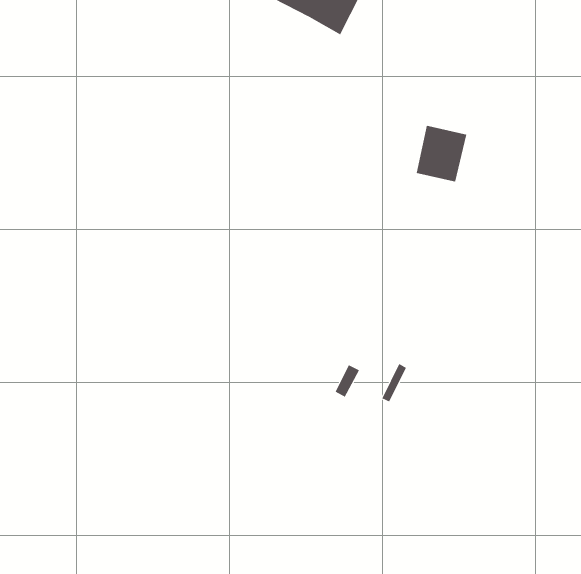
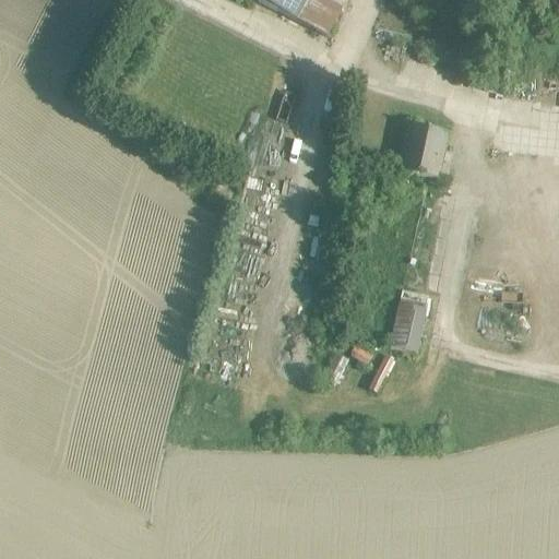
building: none -> [390,299,426,348]

